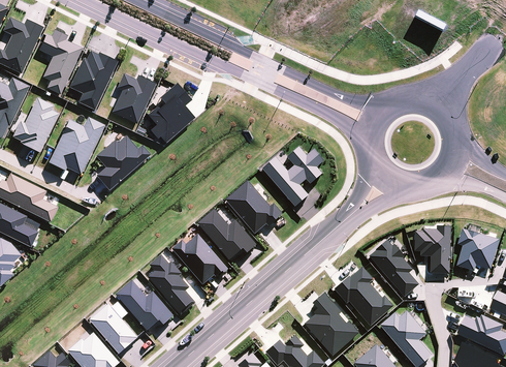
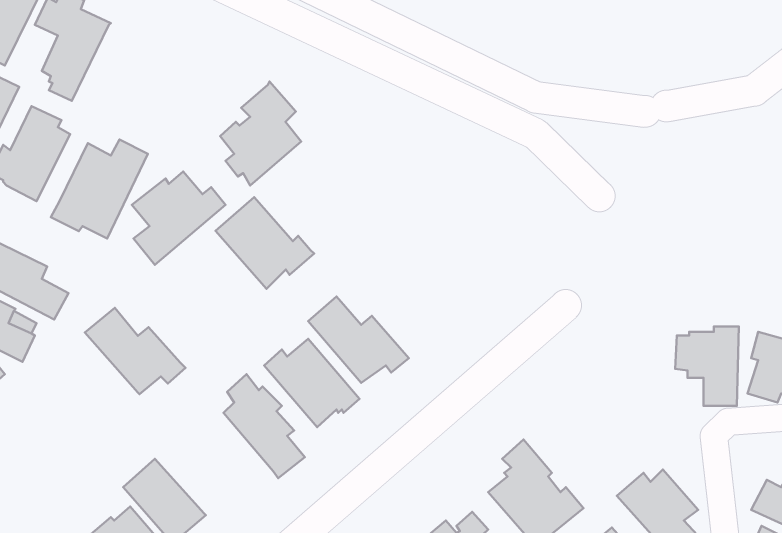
building: [68,50,117,109] -> none
building: [112,72,155,123] -> none
building: [261,146,324,207] -> none
building: [225,180,283,234] -> [215,197,314,289]
building: [369,239,418,296] -> none
building: [334,266,392,325] -> none
building: [116,279,175,330] -> [85,308,185,394]

